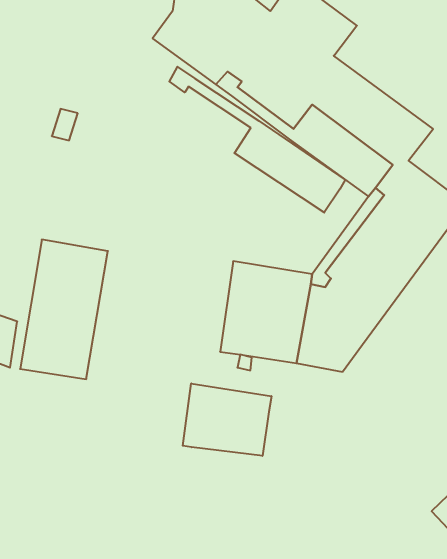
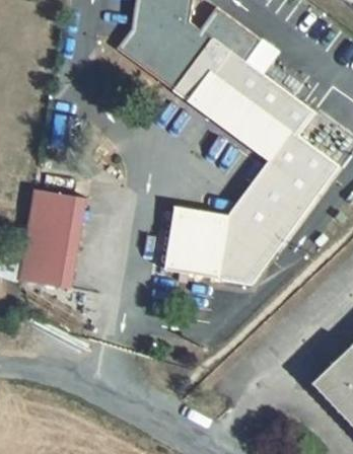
building: [169,67,345,213] -> none
building: [183,383,271,456] -> none

